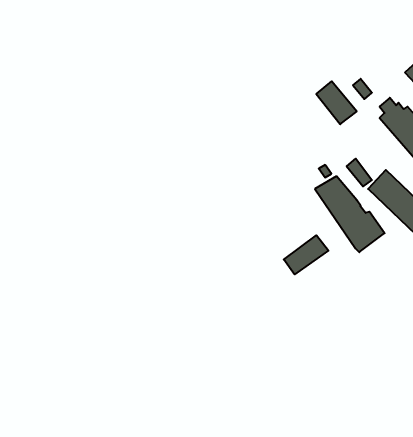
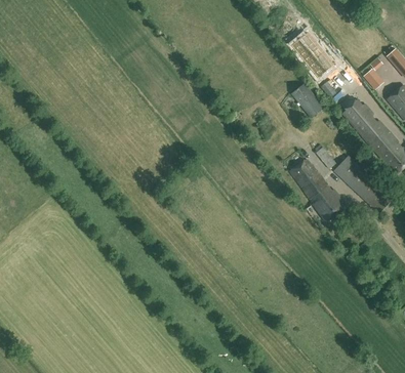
building: none -> [290,35,330,79]
building: [284,235,328,274] -> none

